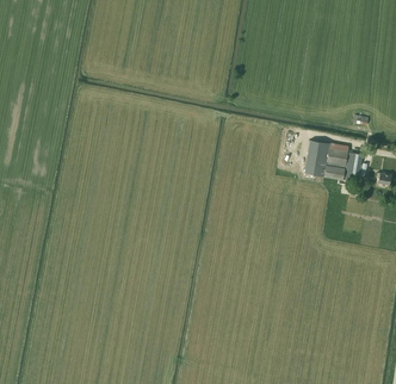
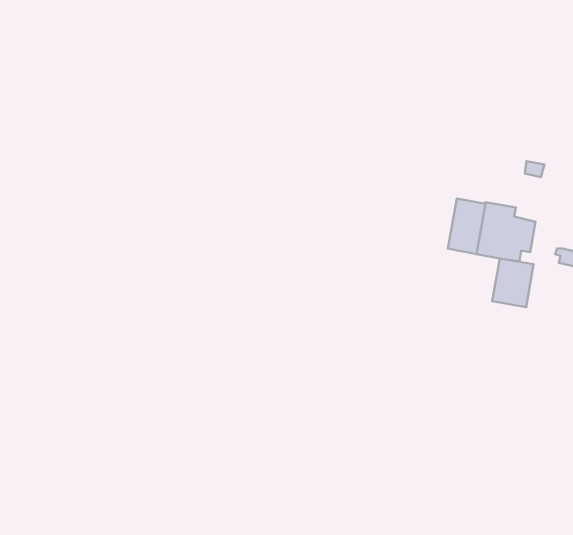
building: none -> [492,258,534,307]

